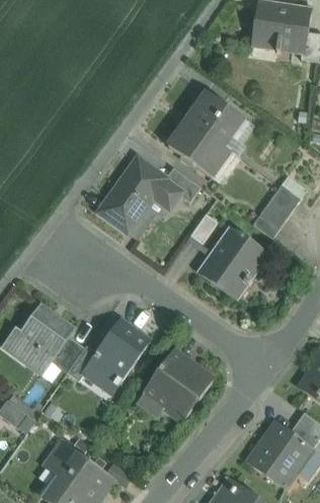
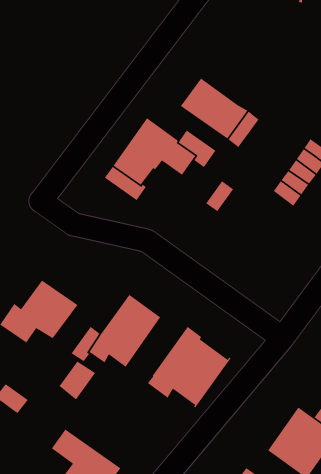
building: [186,92,240,145] -> none
building: [203,232,263,303] -> none
building: [51,337,85,373] -> [59,361,96,400]

